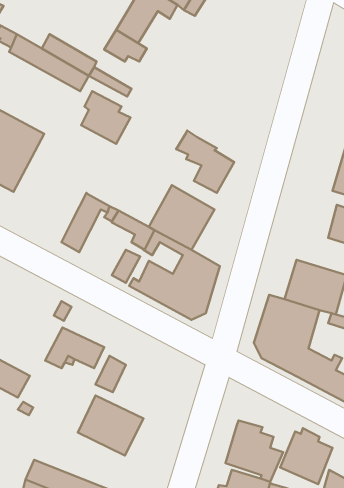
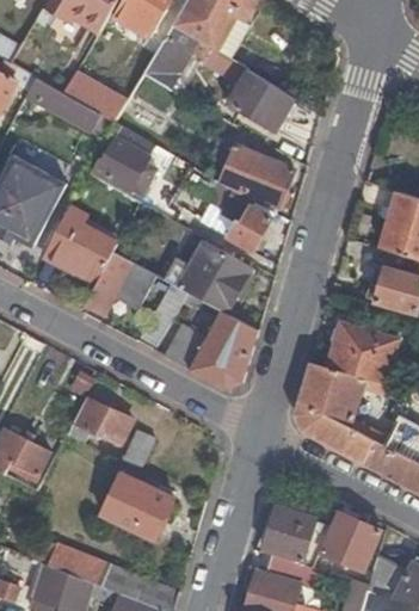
building: none -> [228,68,295,130]
building: none -> [220,146,294,215]
building: none -> [44,208,117,282]

